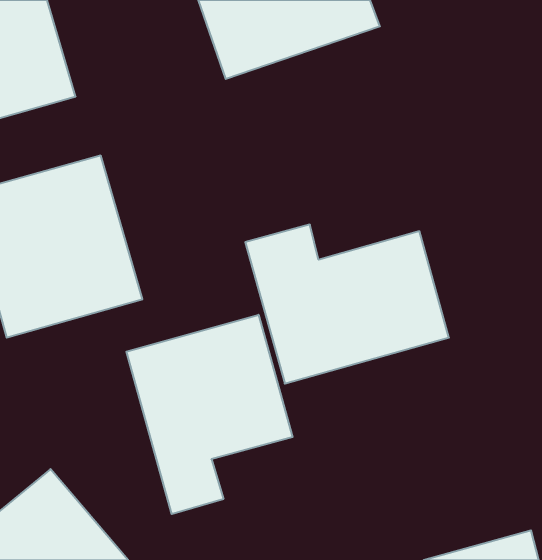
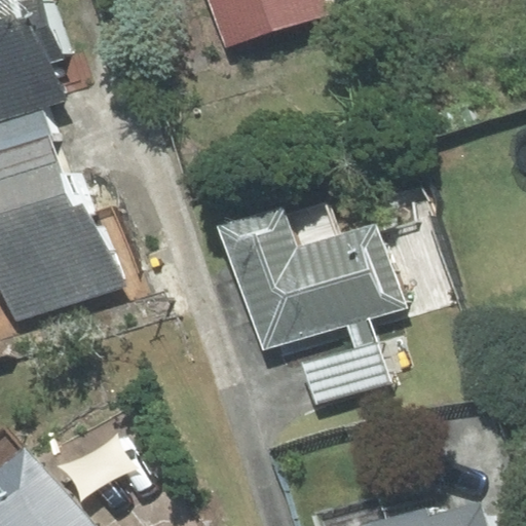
building: [126,315,293,514] -> none

